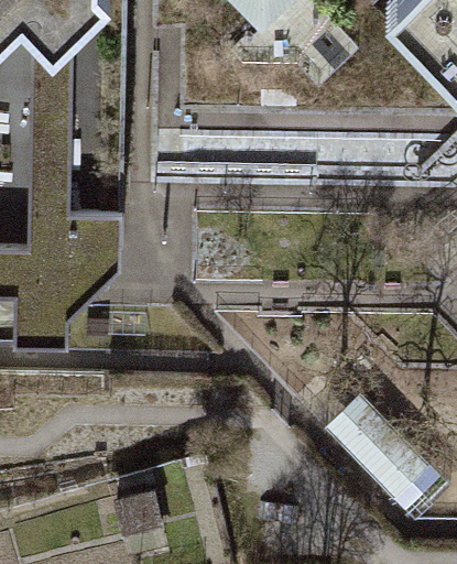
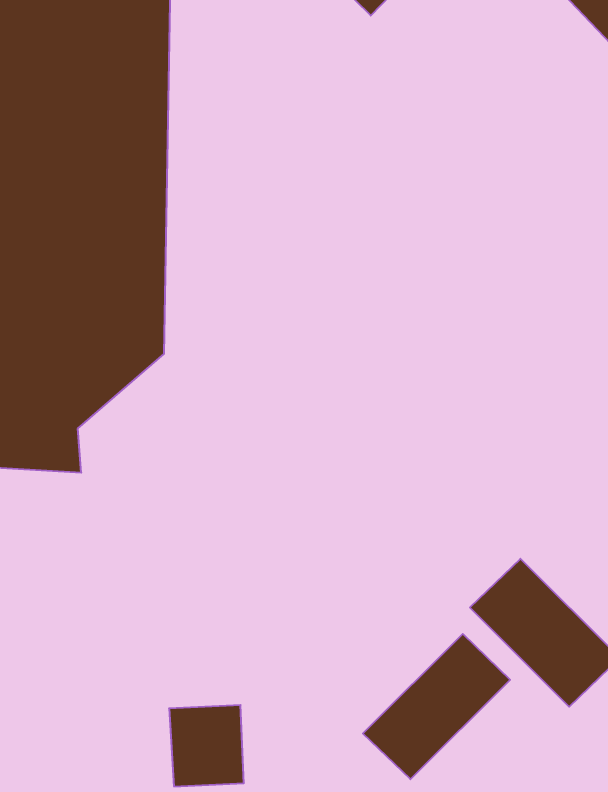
building: none -> [363,634,510,779]

